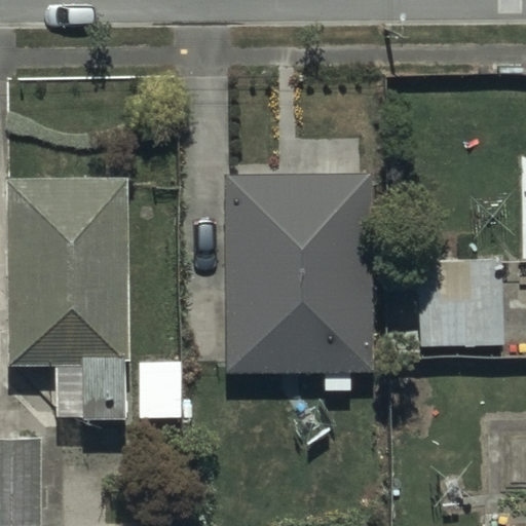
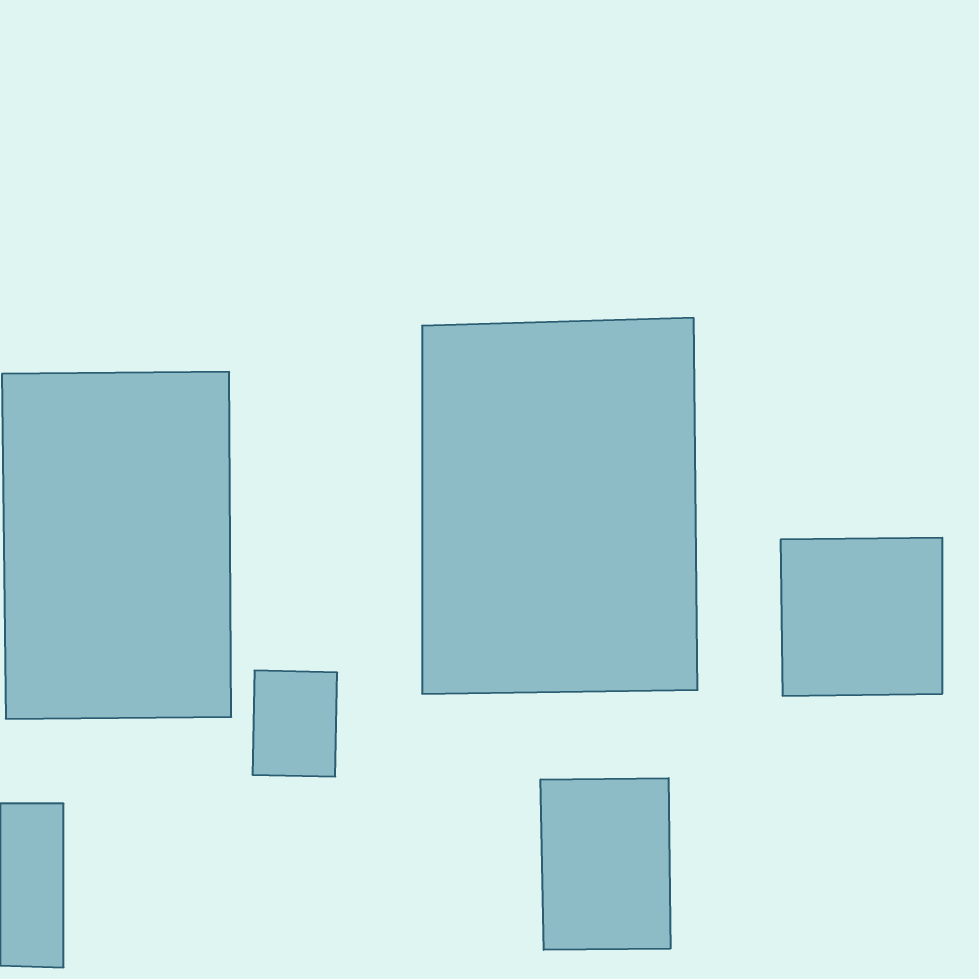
building: none -> [541,778,670,950]

